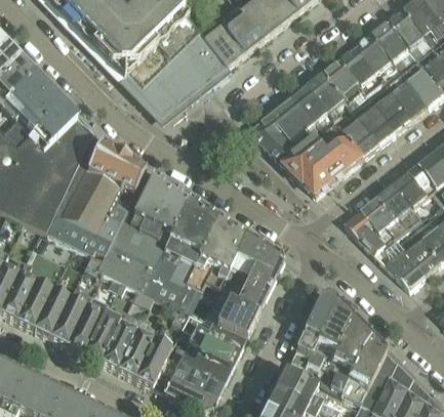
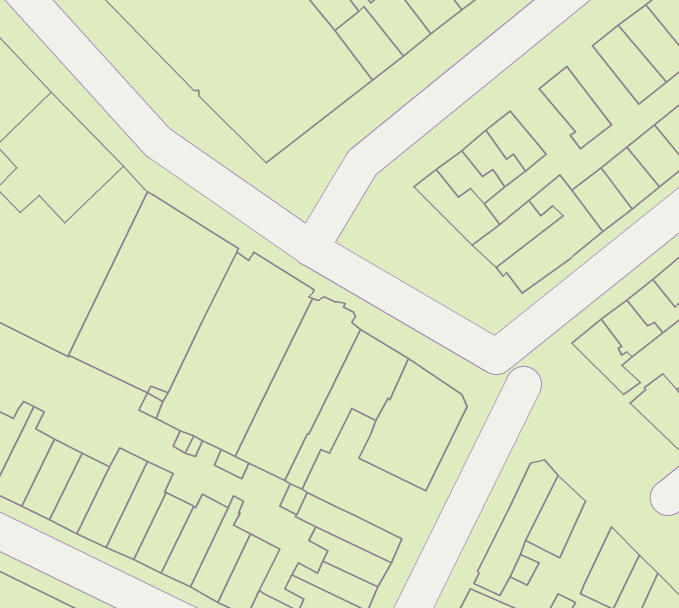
building: [341,45,385,92] -> none
building: [308,71,347,110] -> none
building: [203,291,257,336] -> none
building: [333,317,368,367] -> none

